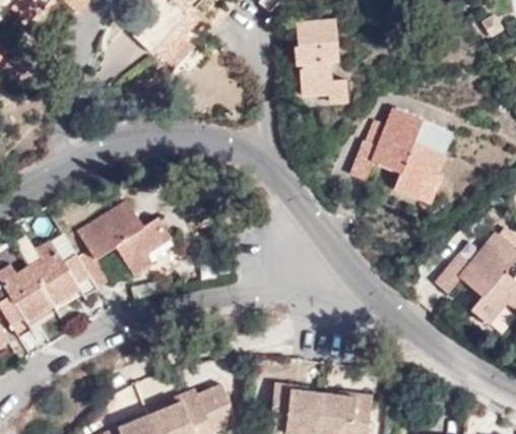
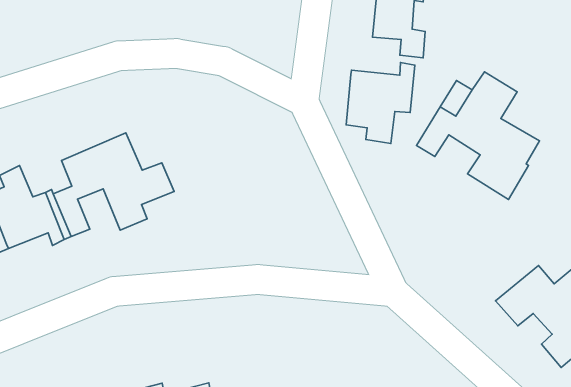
building: none -> [346,62,415,144]

